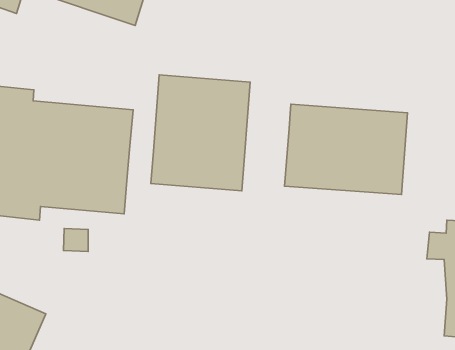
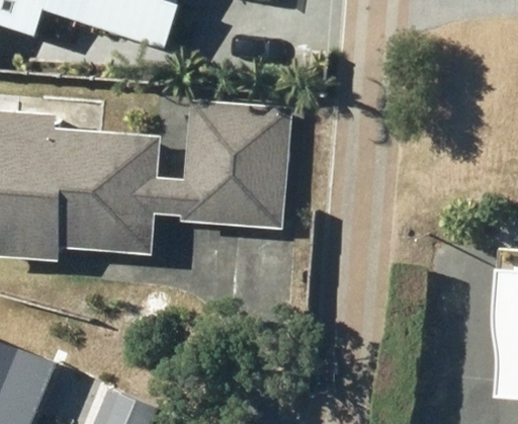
building: [284,104,408,195] -> none

